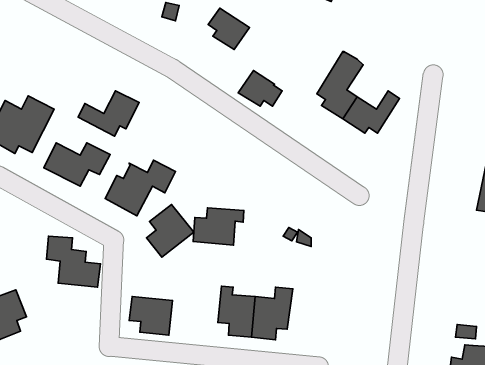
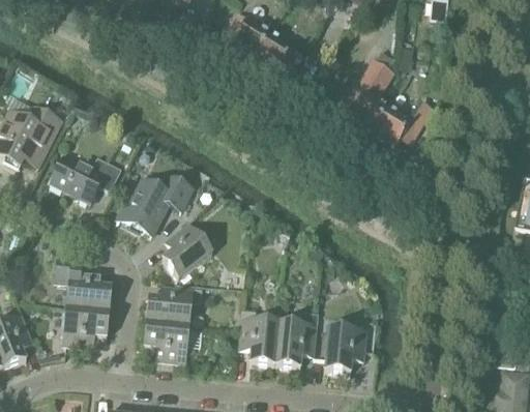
building: [238,71,282,106] -> [257,32,304,70]
building: [78,91,139,136] -> none
building: [193,208,244,245] -> [147,286,202,326]
building: none -> [63,307,110,348]
building: none -> [325,327,367,373]

